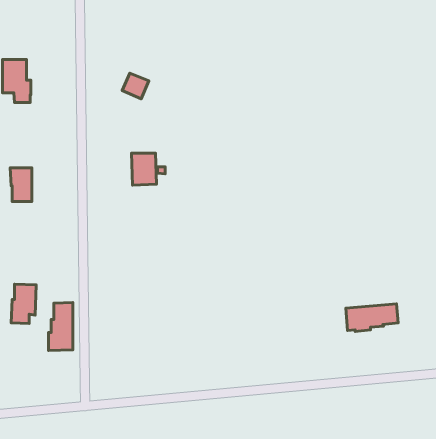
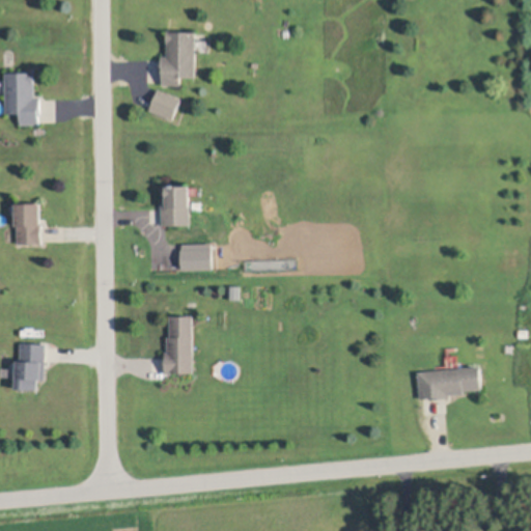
building: none -> [160,32,195,85]
building: none -> [180,245,212,273]
building: [49,302,73,351] -> [163,316,192,374]

